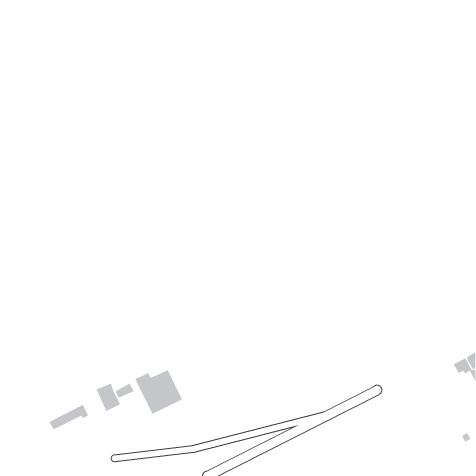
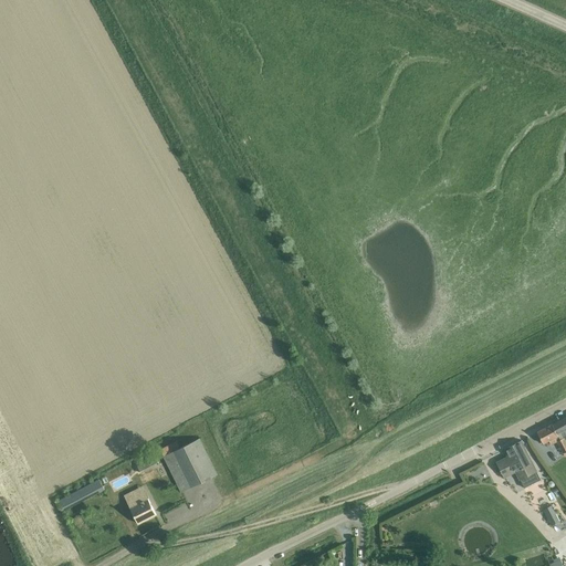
building: none -> [495,439,539,488]
building: [96,383,121,412] -> [126,489,156,523]

